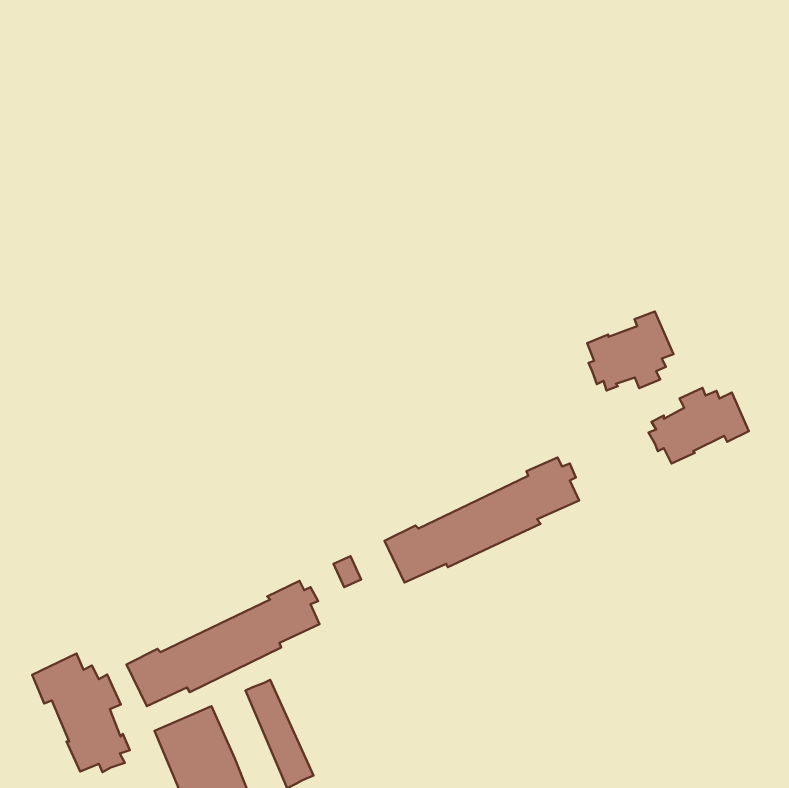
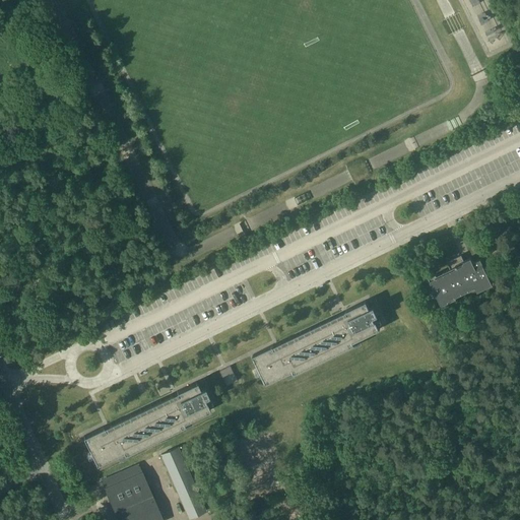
building: [587,312,673,390] -> none
building: [32,653,130,772] -> none

